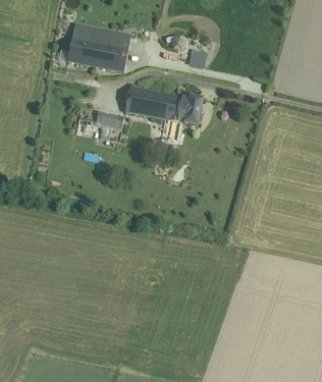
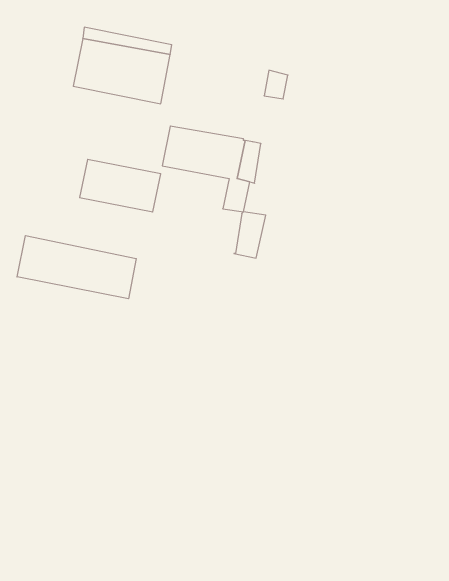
building: [182,96,203,125] -> [234,212,266,258]
building: none -> [17,236,136,299]

